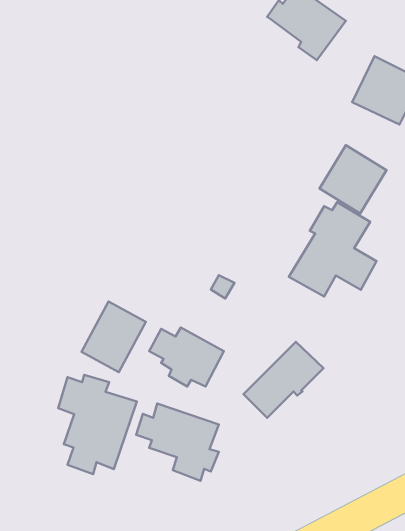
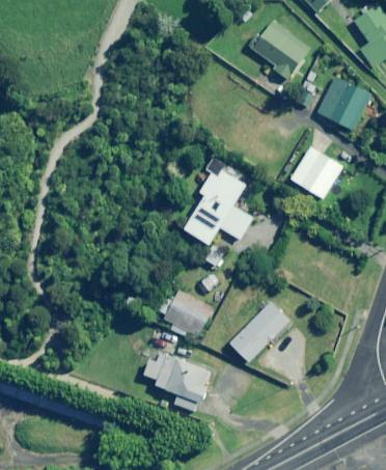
building: [289,202,377,297] -> [183,170,252,245]
building: [81,301,146,372] -> none
building: [58,375,137,474] -> none

